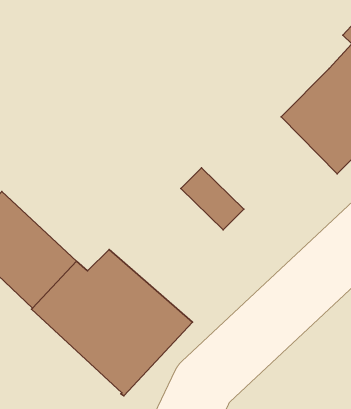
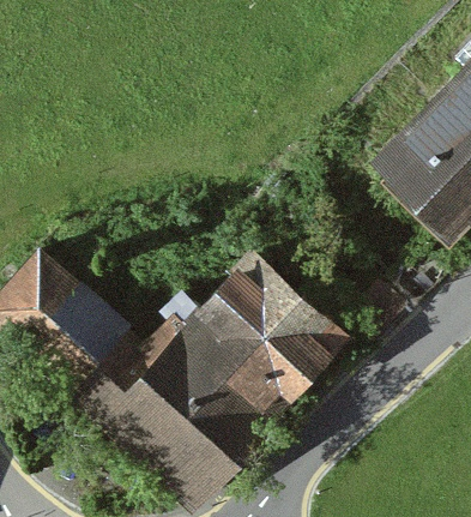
building: none -> [167,252,345,410]

